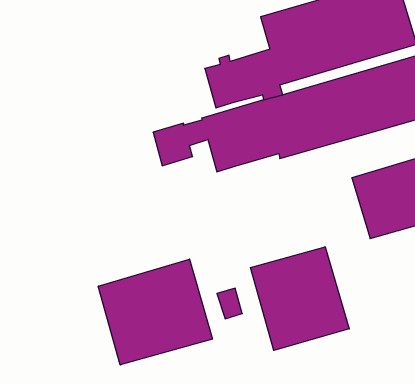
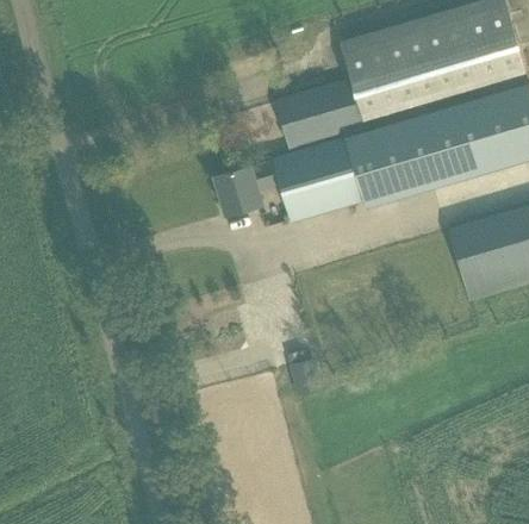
building: [251,247,349,350] -> none
building: [98,259,212,365] -> none

